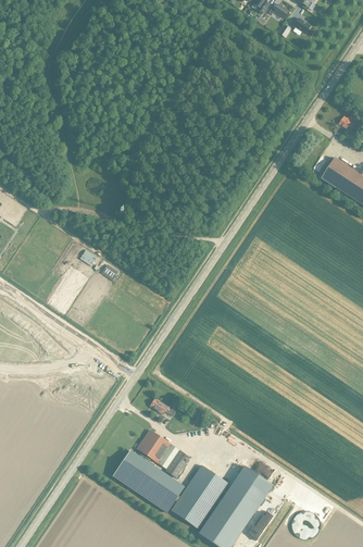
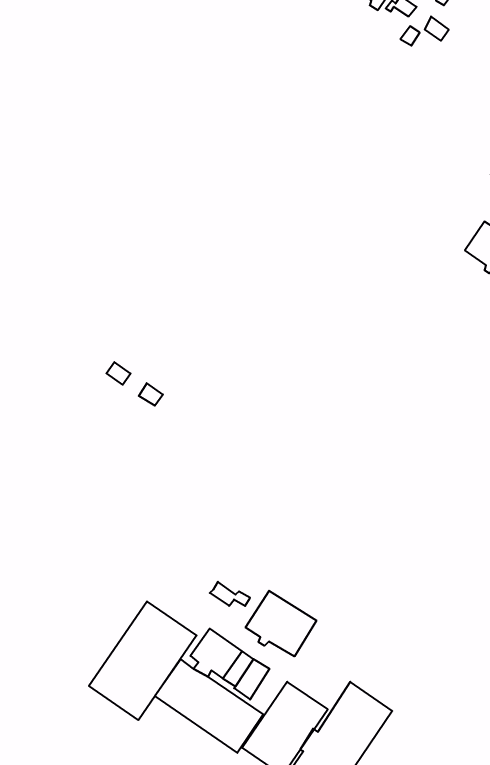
building: none -> [246,591,316,656]
building: none -> [89,601,197,720]

